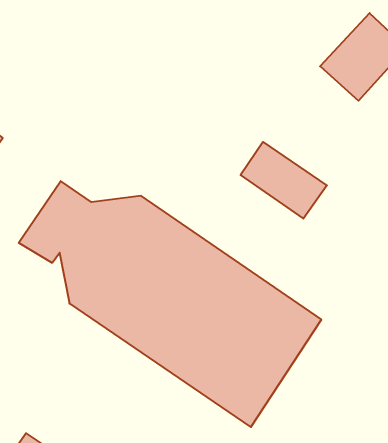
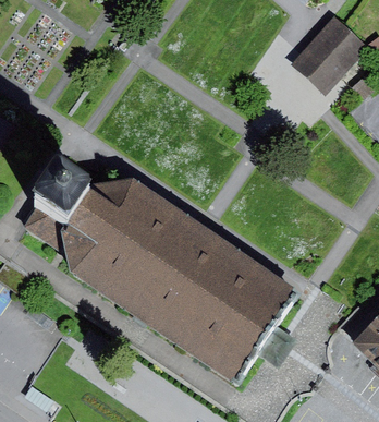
building: [241,142,327,219] -> none

